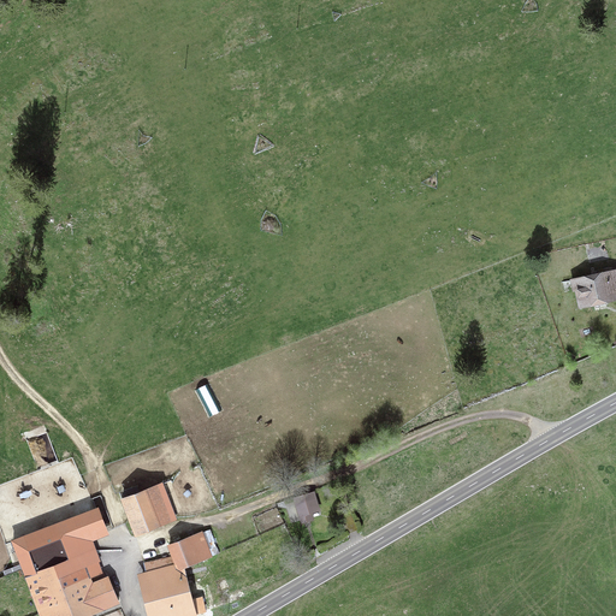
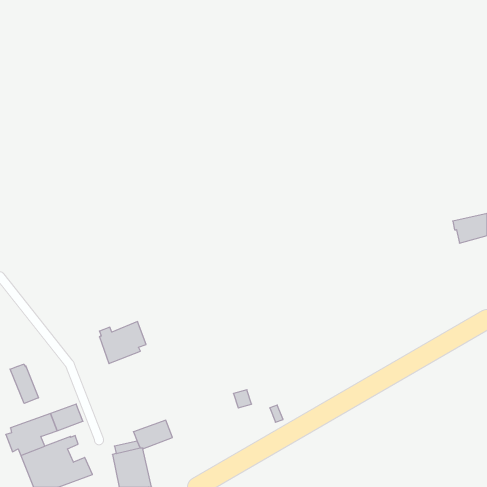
building: none -> [10,364,38,403]
building: [123,480,182,533] -> [99,322,146,364]

